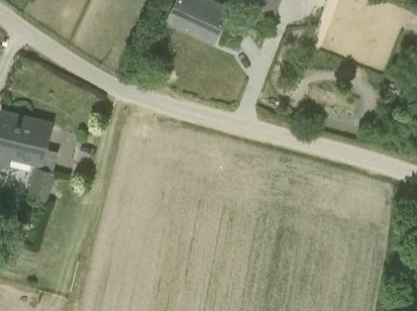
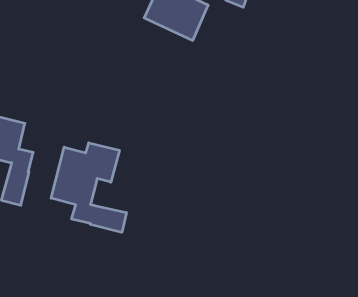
building: none -> [51,143,126,232]

